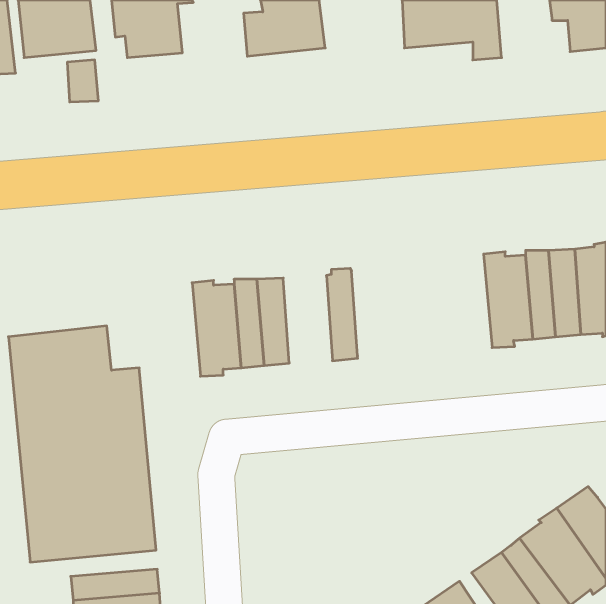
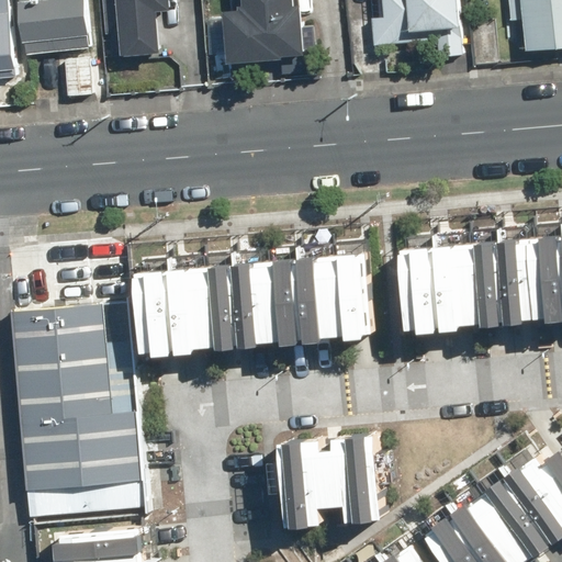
building: none -> [406,240,450,328]
building: none -> [322,254,369,336]
building: none -> [259,256,304,342]
building: none -> [139,267,183,355]
building: none -> [284,430,387,520]

